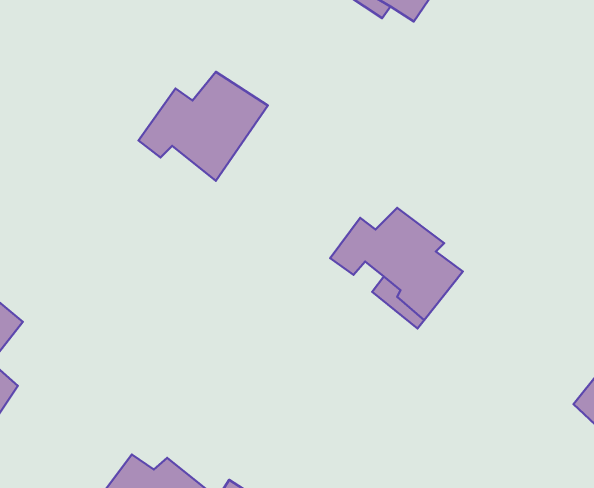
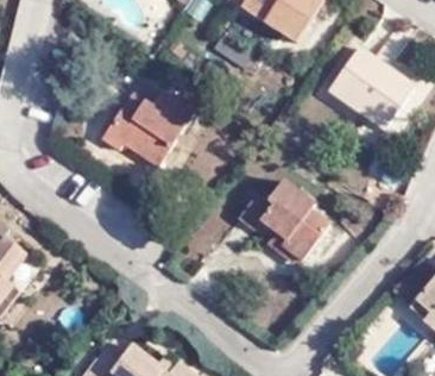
building: none -> [328,38,416,115]

